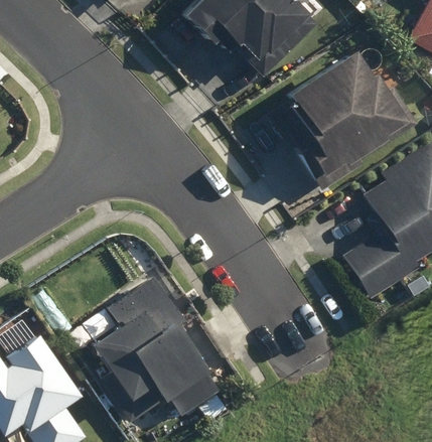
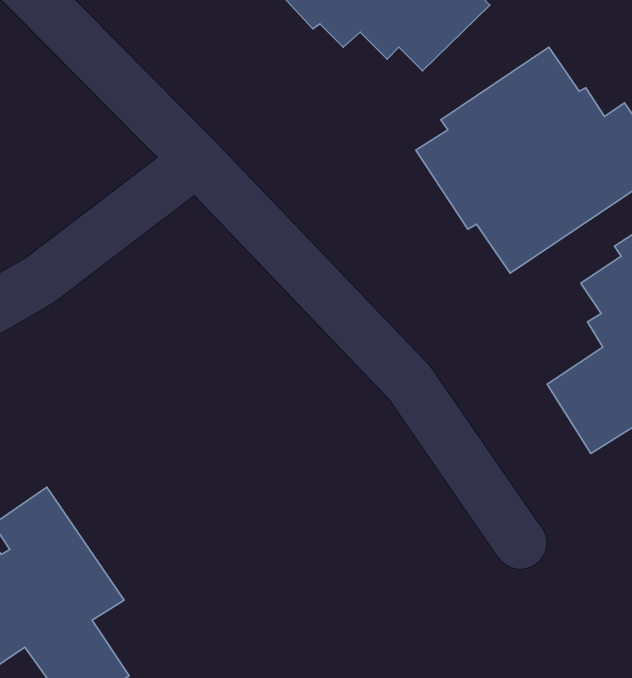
building: [100,274,223,418] -> none

